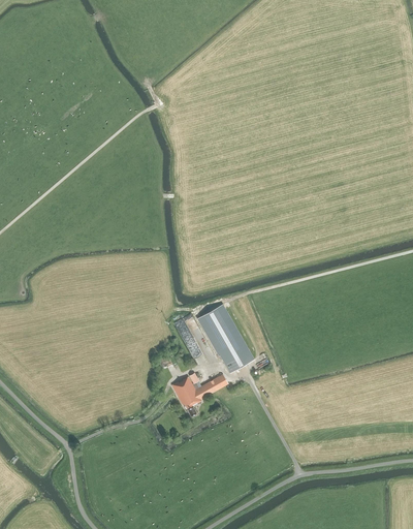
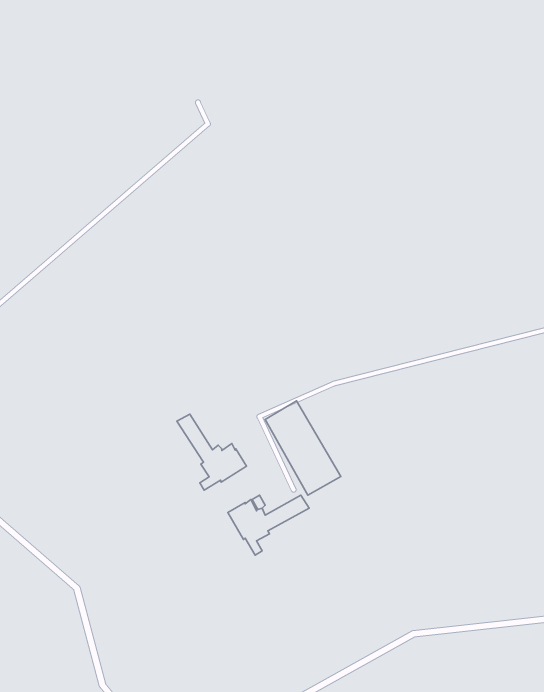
building: none -> [177,414,246,490]

